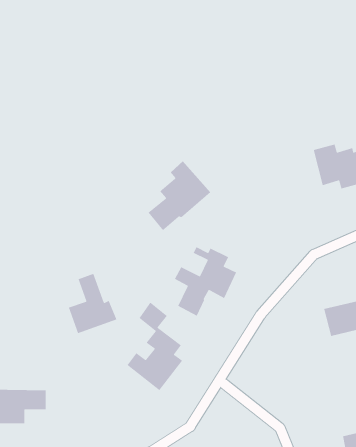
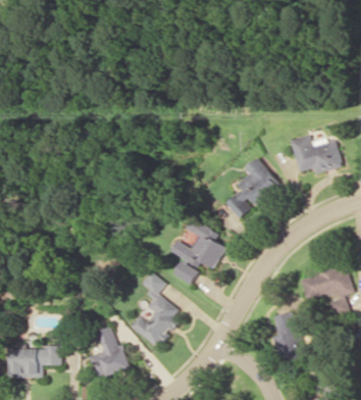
building: [147,161,211,231] -> [225,158,280,219]
building: [68,273,117,334] -> [88,327,131,380]
building: none -> [274,313,303,359]

